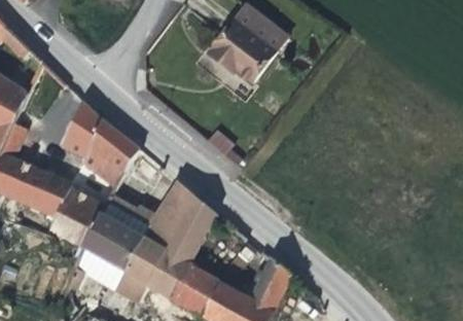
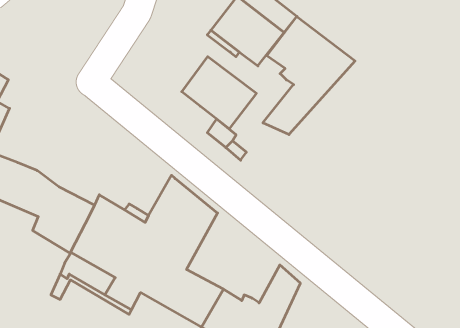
building: none -> [263,16,355,135]
building: none -> [182,57,256,129]
building: [62,102,140,186] -> none

